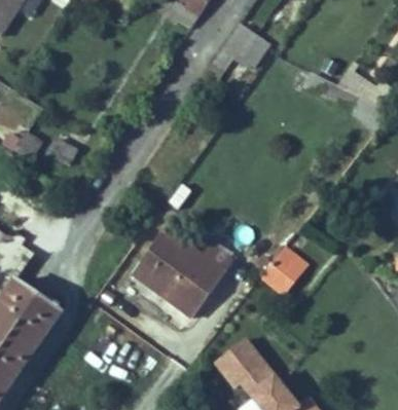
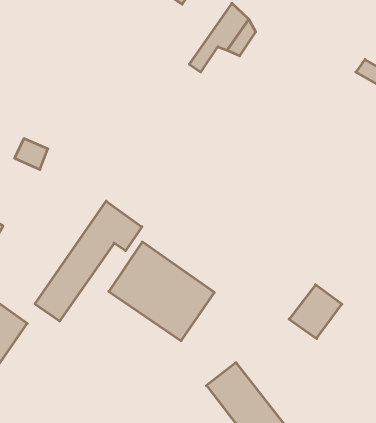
building: none -> [35,201,142,321]
building: [264,247,312,295] -> [289,285,342,339]

